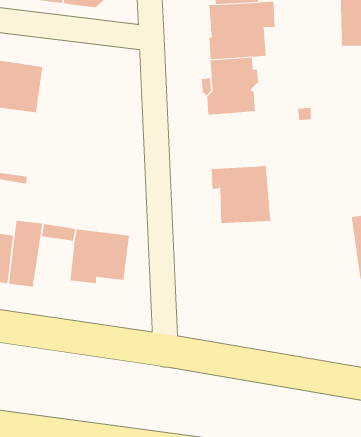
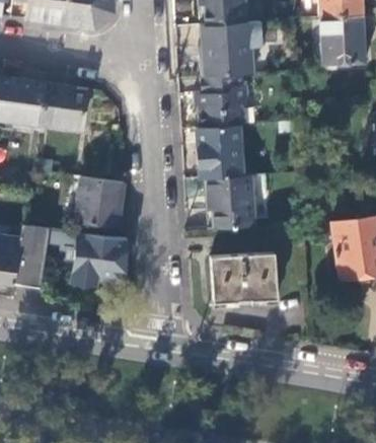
building: none -> [41,84,86,131]
building: none -> [196,126,242,179]
building: none -> [74,178,123,227]
building: none -> [212,253,277,306]

